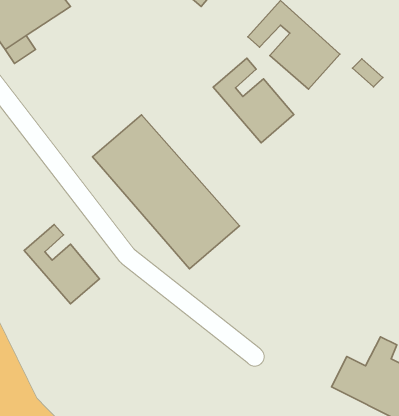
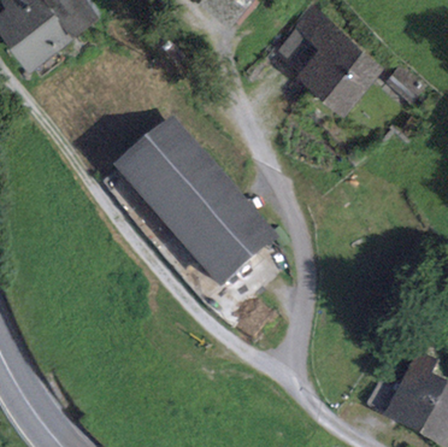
building: [213,58,294,143] -> none
building: [24,224,100,304] -> none

